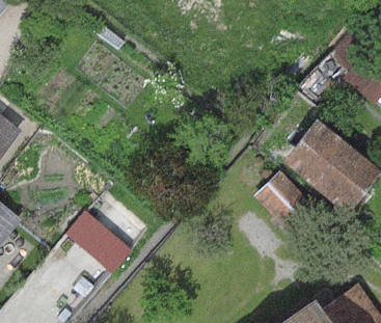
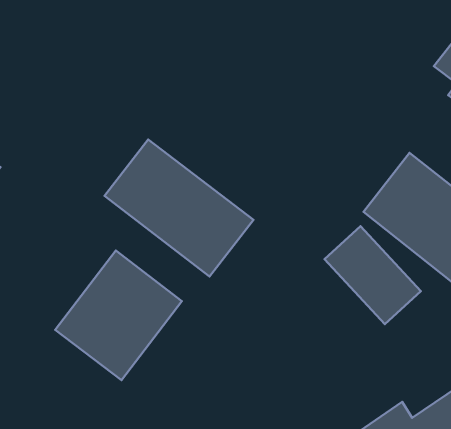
building: none -> [104,139,253,276]

